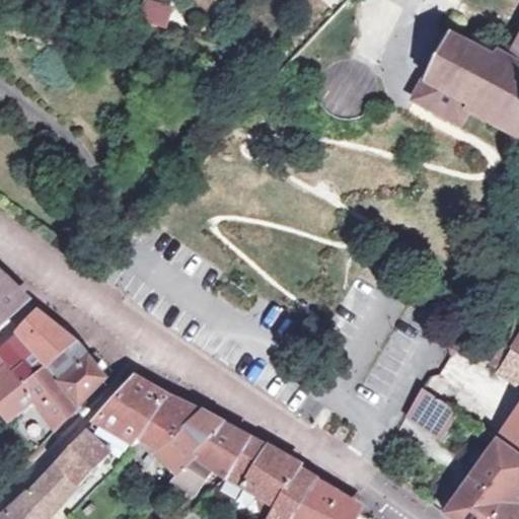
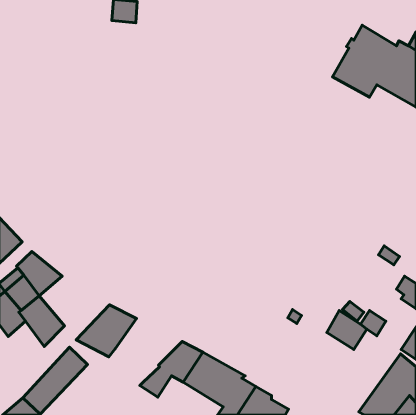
building: [49,343,105,404] -> none
building: [143,395,226,474] -> none

